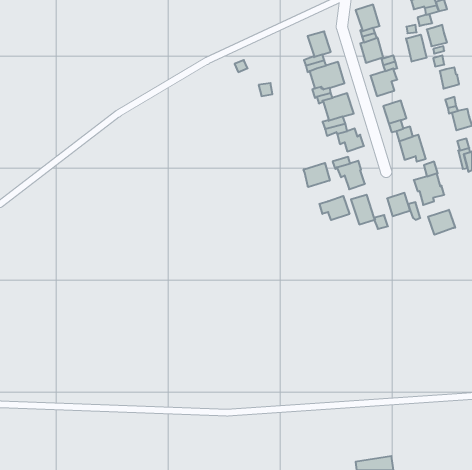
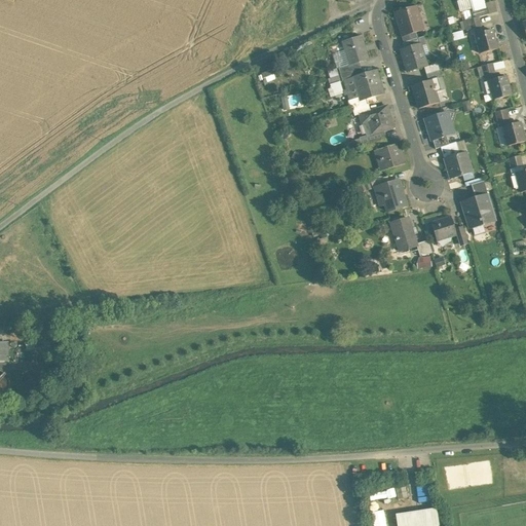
building: [406,35,427,62] -> none
building: [304,163,330,187] -> none
building: [319,196,349,220] -> none
building: [428,210,455,235] -> none

